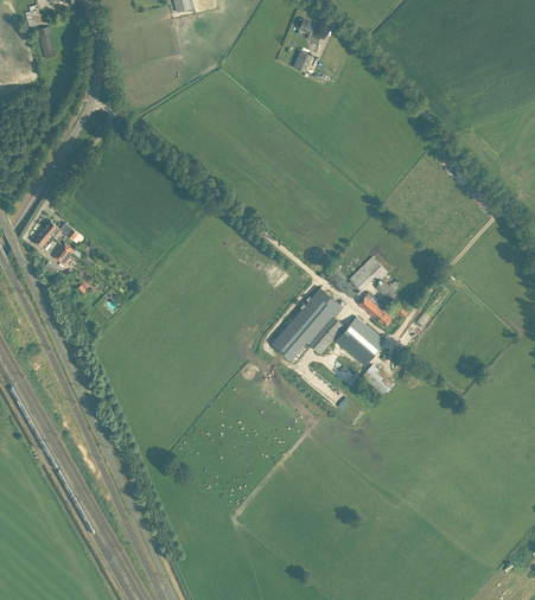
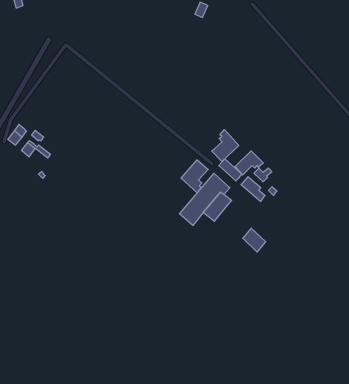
building: none -> [212,130,239,161]
building: none -> [181,160,208,193]
building: [342,317,383,357] -> none

